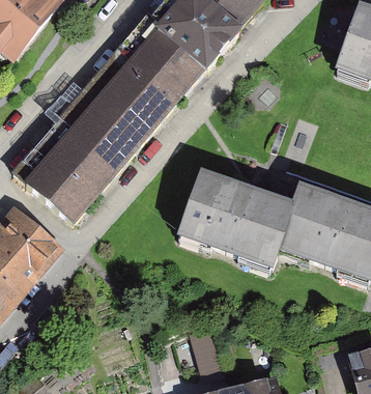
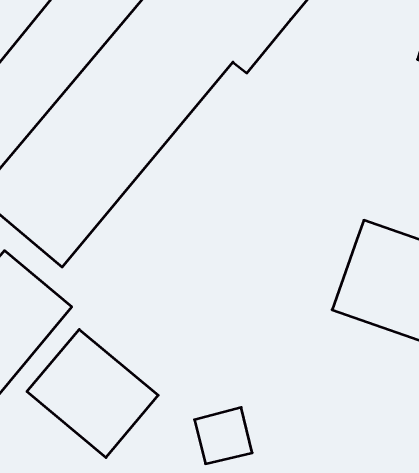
building: [174,164,296,268] -> none
building: none -> [27,329,158,458]

